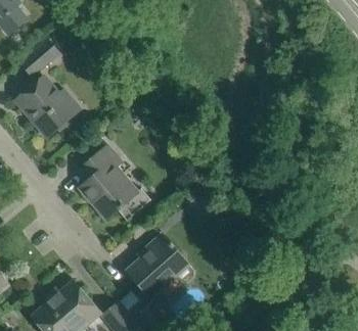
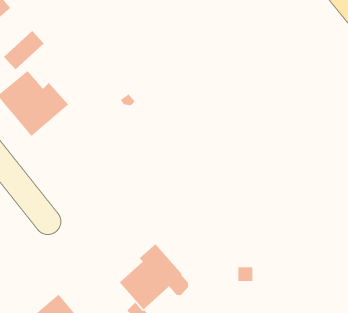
building: [78,145,150,220] -> none

